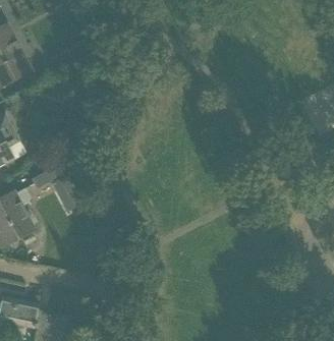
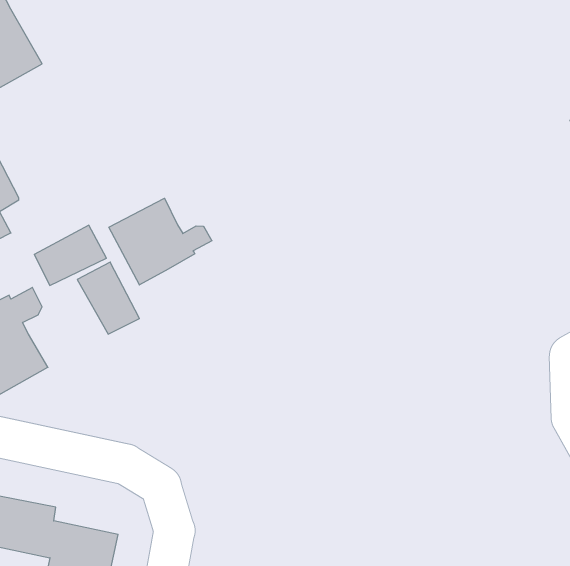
building: none -> [109,198,212,285]

